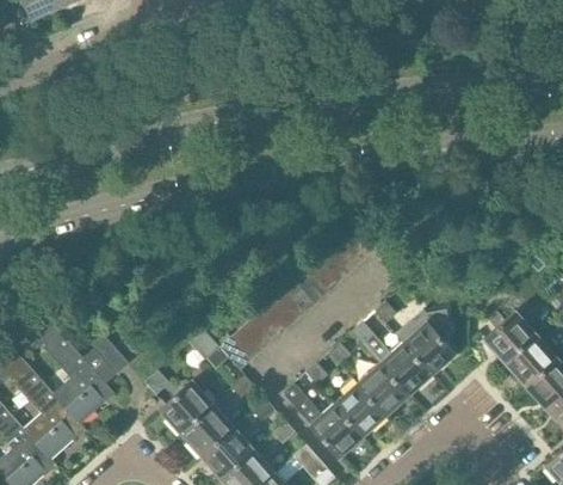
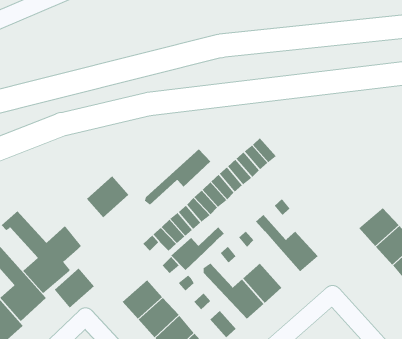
building: none -> [144,149,211,205]
building: none -> [86,176,129,218]
building: [395,308,454,375] -> none
building: none -> [171,227,225,271]
building: [357,363,408,416] -> none
building: [160,381,212,434] -> [54,267,95,308]

